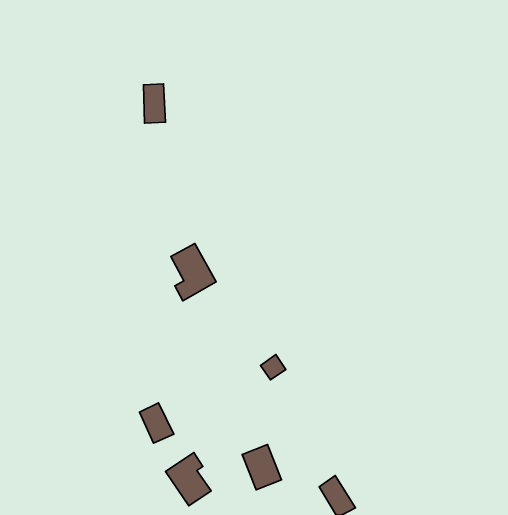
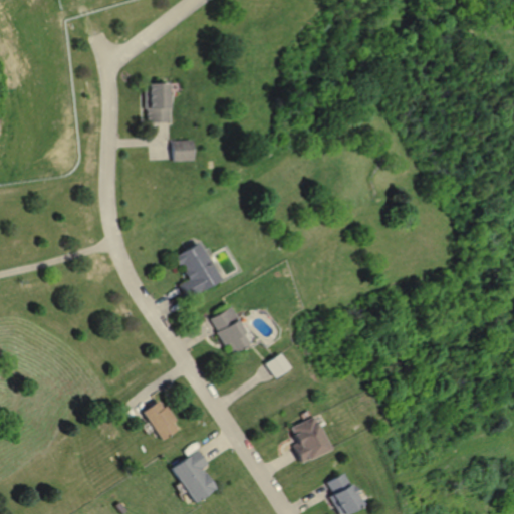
building: none -> [175,140,195,161]
building: none -> [212,307,251,353]
building: [242,444,282,490] -> [290,417,329,462]

